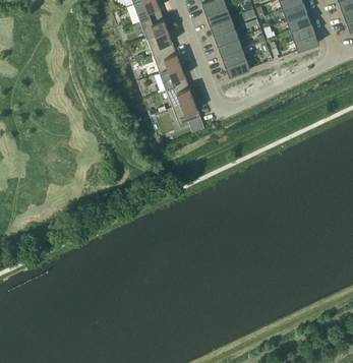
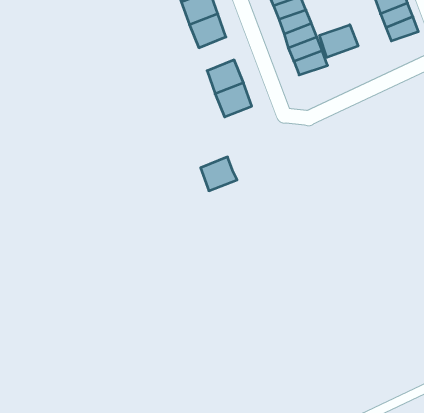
building: none -> [320,25,358,57]
building: [154,48,180,73] -> none
building: [173,100,200,125] -> [201,157,237,191]

